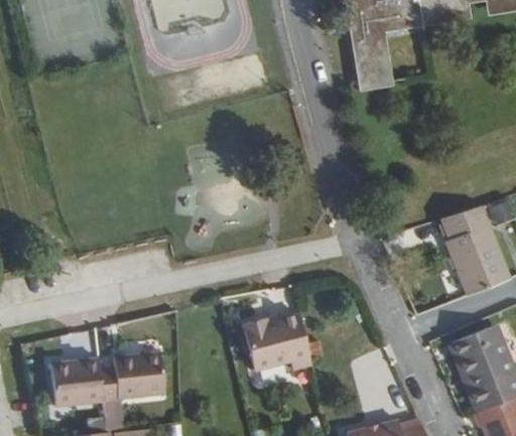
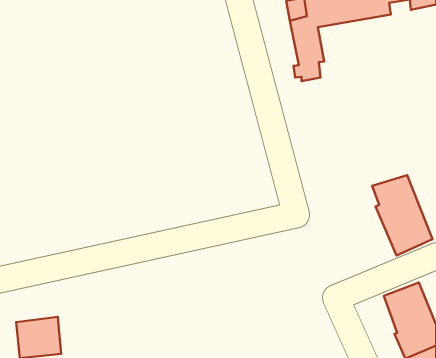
building: [240,313,306,369] -> none
building: [94,350,158,400] -> none

